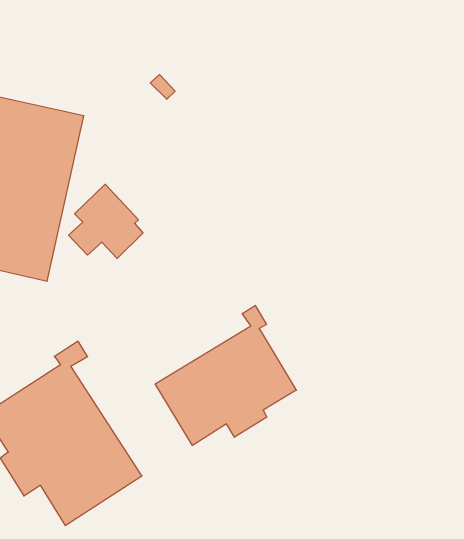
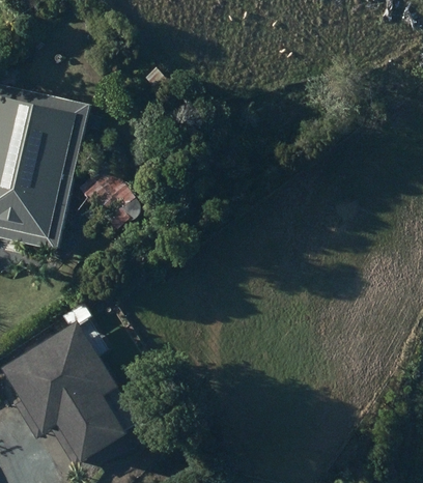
building: [155,305,296,445] -> none

